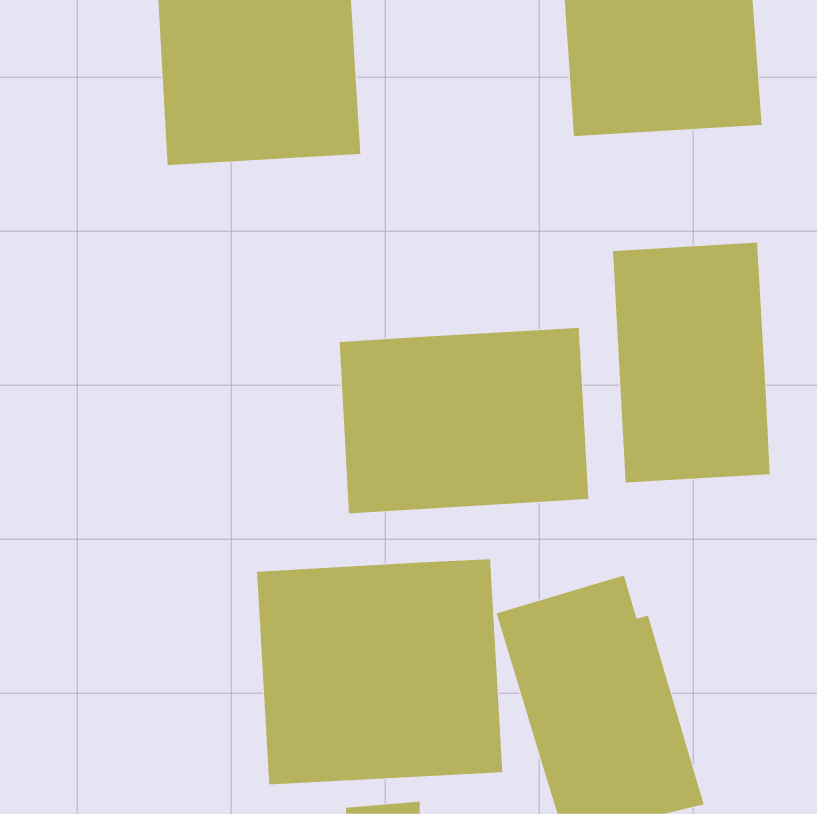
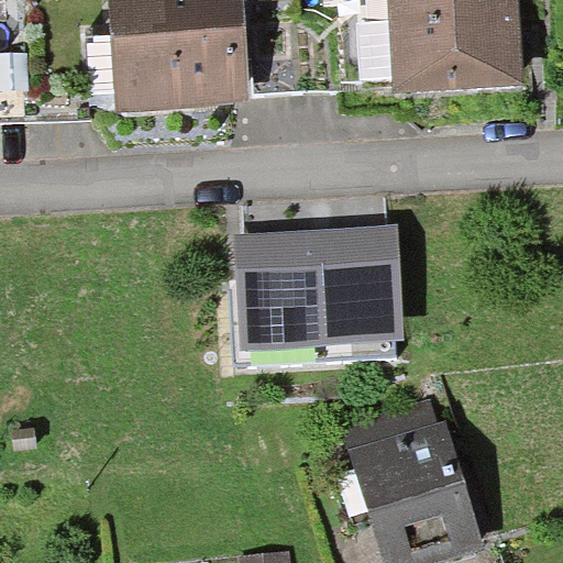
building: [613,242,770,483] -> none
building: [257,559,503,785] -> none

